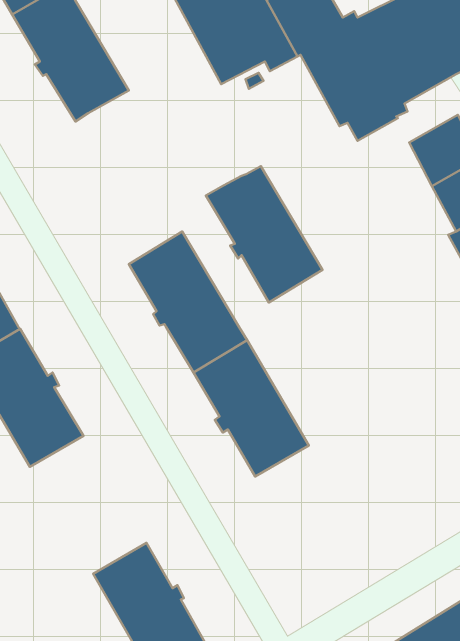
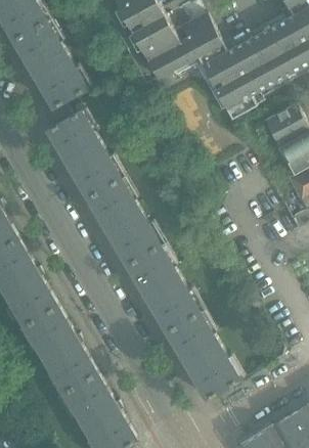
building: [206,166,322,302] -> [46,111,120,197]
building: none -> [24,306,97,393]
building: none -> [166,312,238,399]

